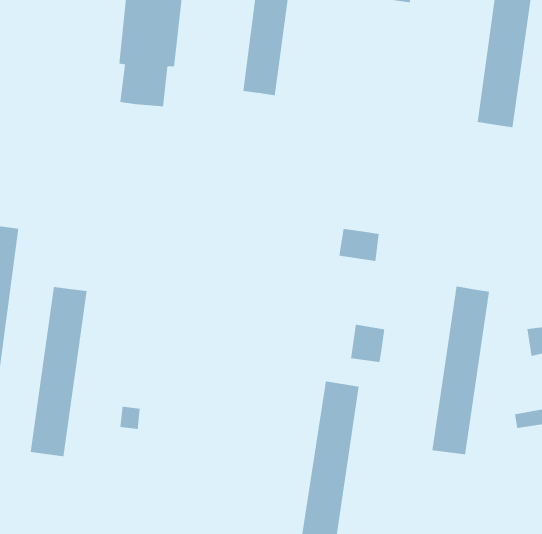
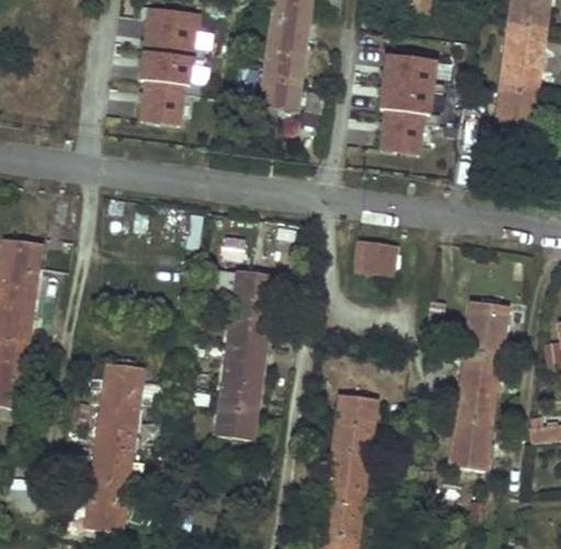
building: none -> [380,56,438,153]
building: none -> [216,270,274,439]
building: [30,286,87,457] -> [87,364,144,533]
building: [350,324,385,363] -> none

